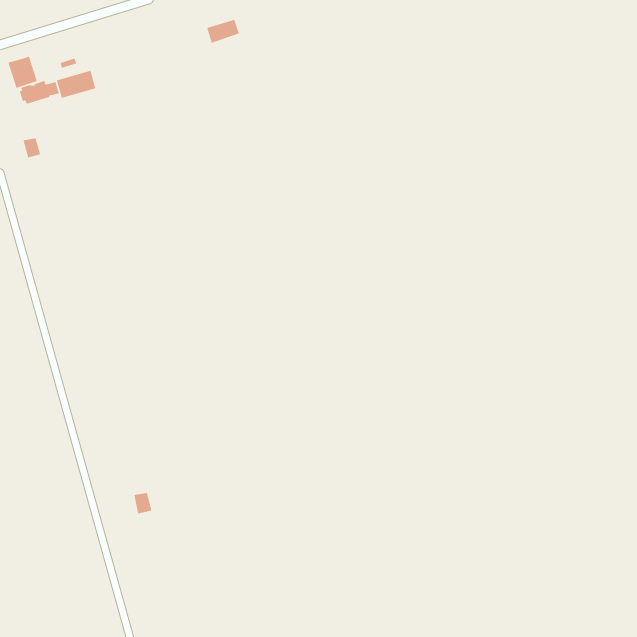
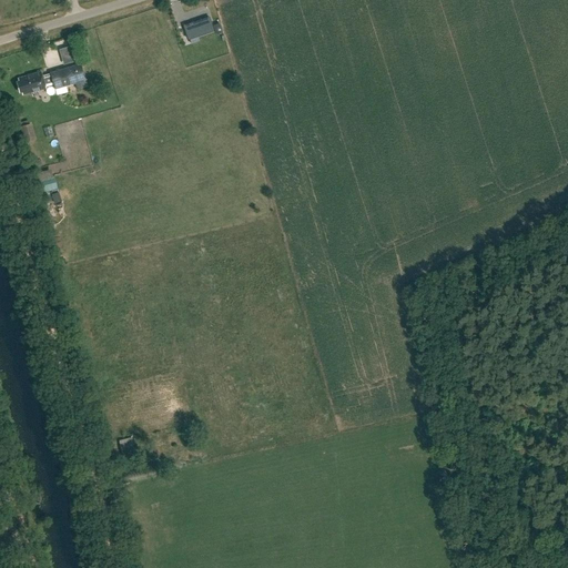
building: [8,55,38,89] -> none

